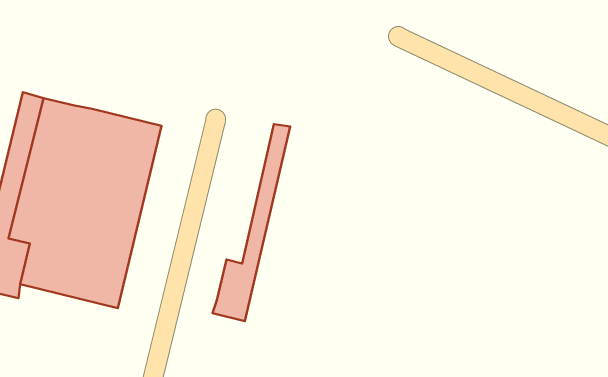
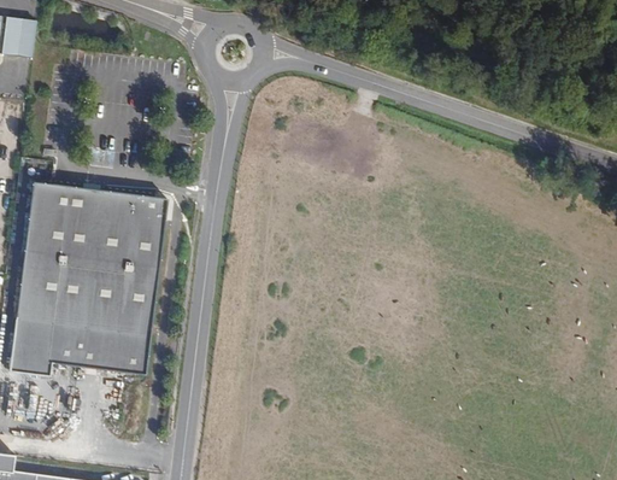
building: [212,124,290,321] -> none

